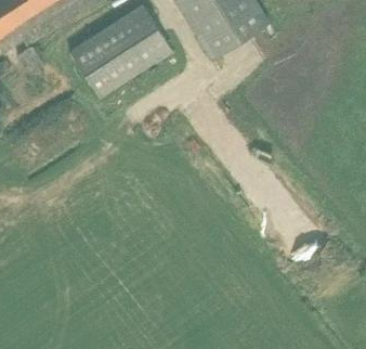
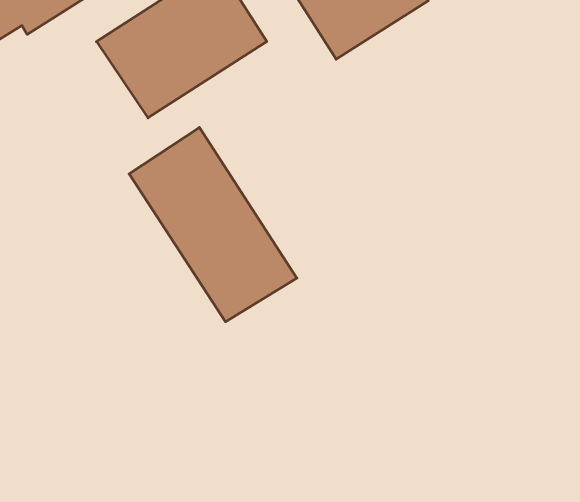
building: none -> [129,127,297,322]

